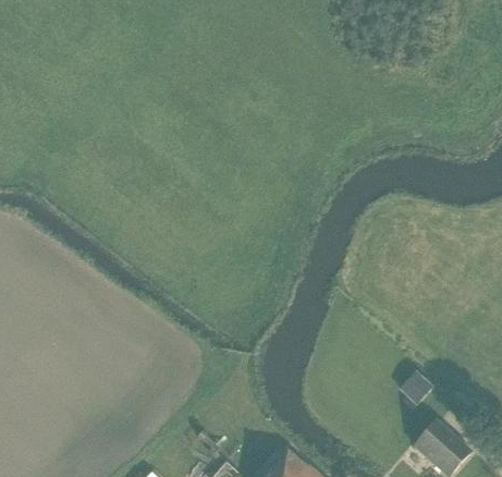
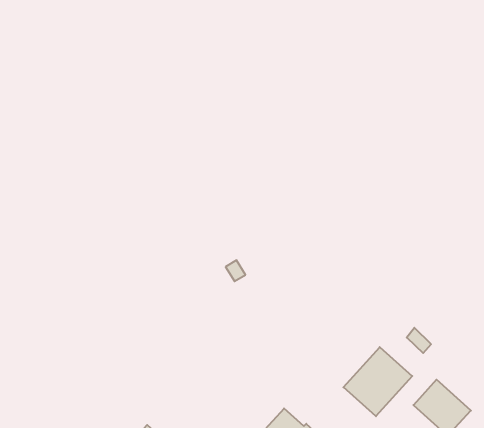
building: none -> [343,347,412,416]

